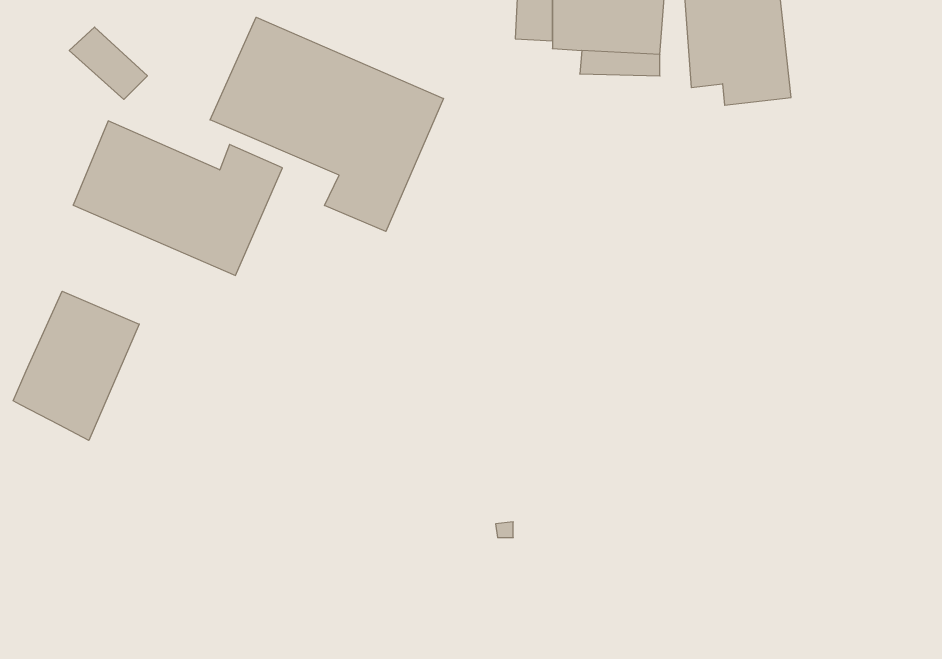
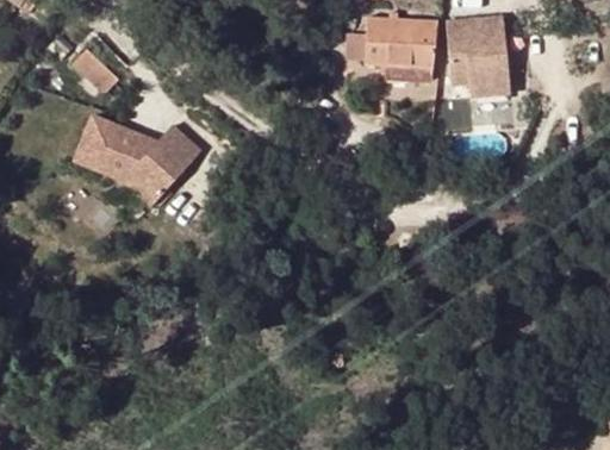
building: [210,17,443,231] -> none
building: [13,291,139,440] -> none

